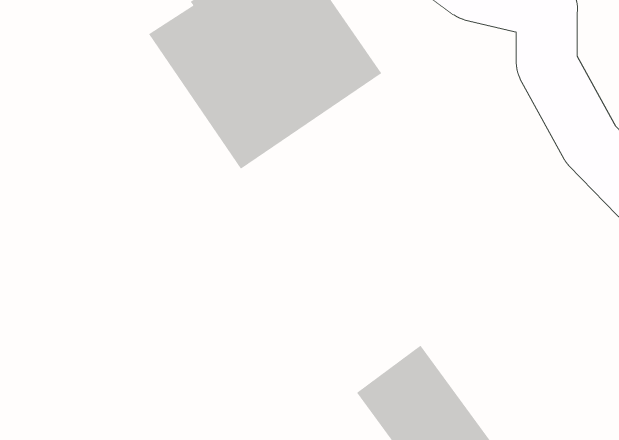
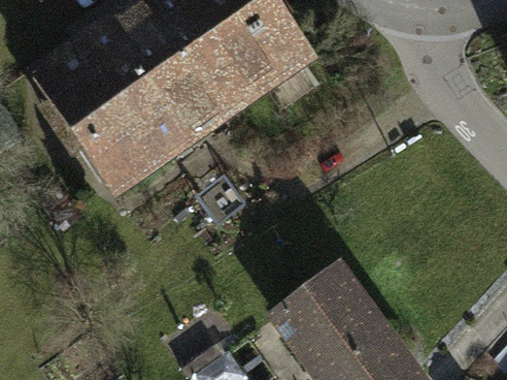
building: none -> [50,34,196,192]

